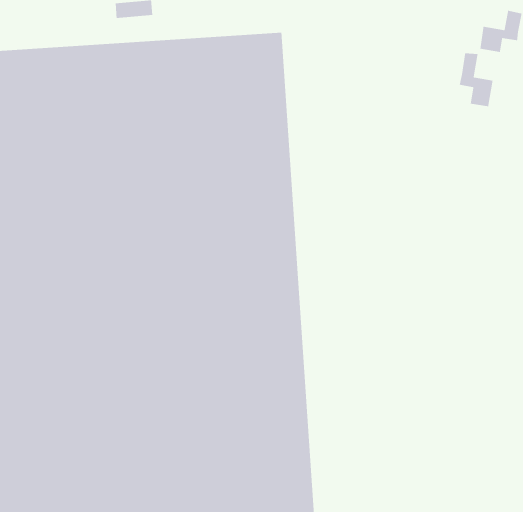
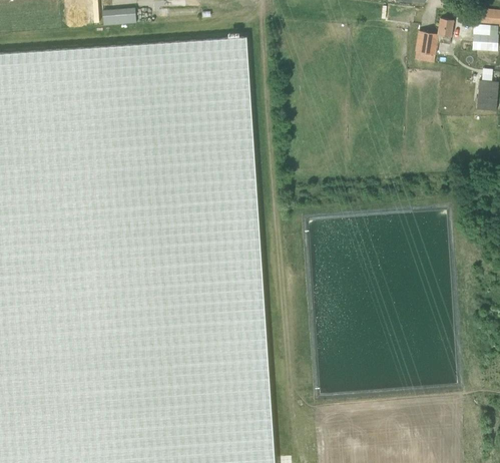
building: [459,52,494,107] -> none

